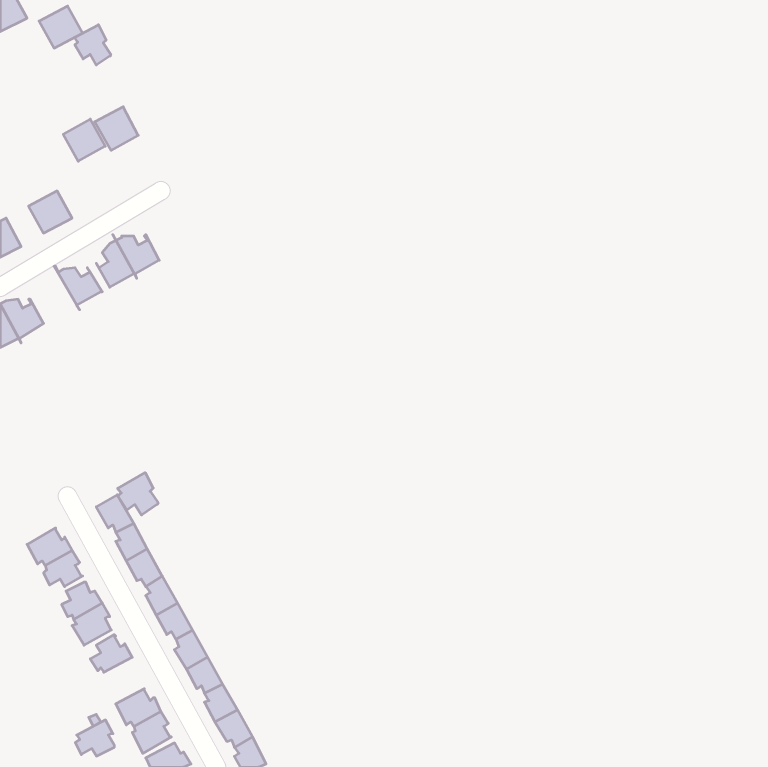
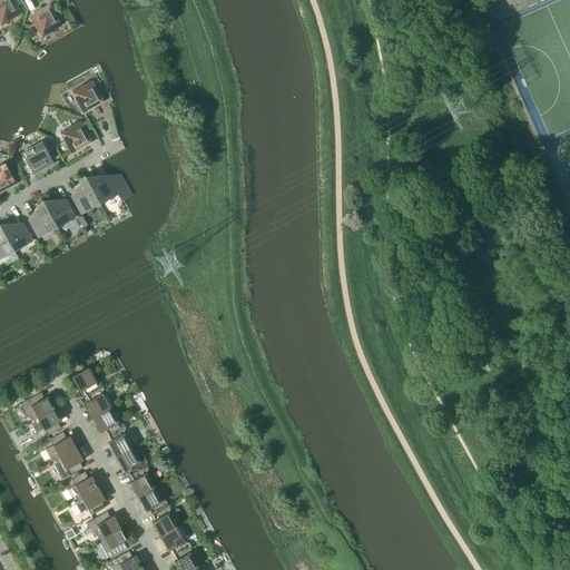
building: [74,25,111,65] -> none
building: [63,119,105,161] -> [59,120,90,151]
building: none -> [28,197,59,237]
building: [118,473,158,515] -> none
building: [75,720,114,756] -> [76,487,105,513]

